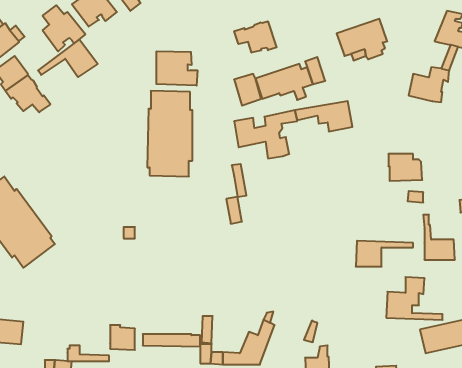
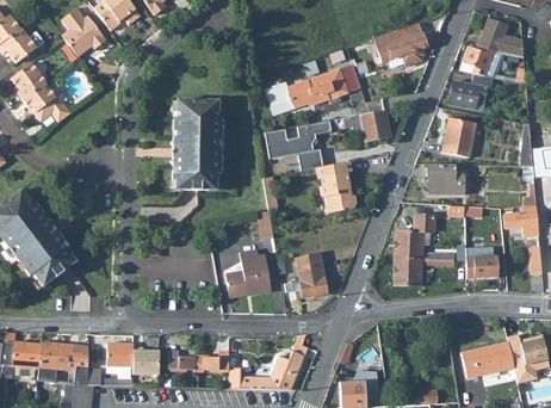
building: [234,21,277,53] -> none
building: [38,40,98,77] -> none
building: none -> [463,47,494,75]
building: [156,51,197,86] -> none
building: none -> [442,118,476,157]
building: none -> [316,161,355,212]
building: none -> [225,249,272,296]
building: none -> [284,252,327,298]
building: [386,277,443,320] -> [395,215,454,260]
building: none -> [38,341,79,381]
building: none -> [107,342,134,372]

